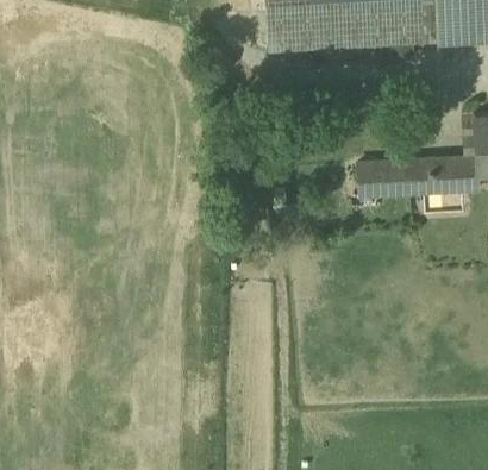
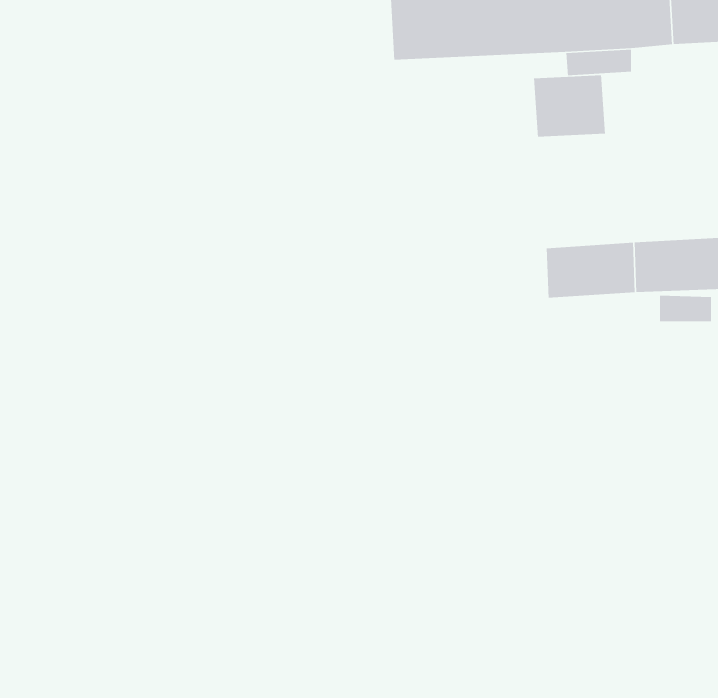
building: none -> [533,74,606,138]

